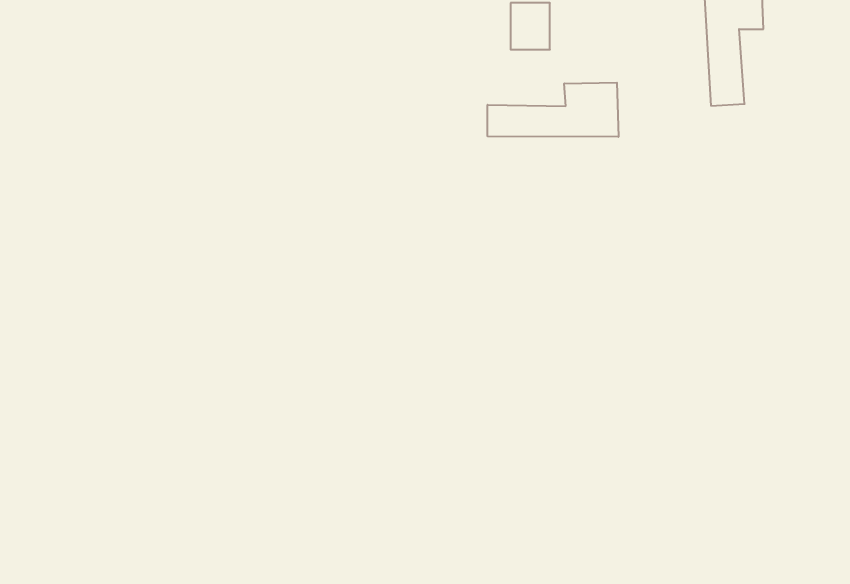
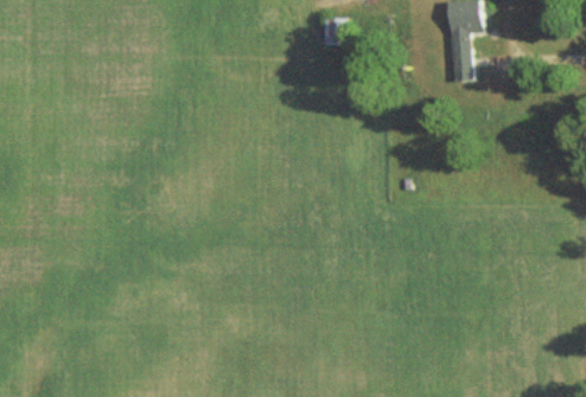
building: [488,83,618,137] -> none

